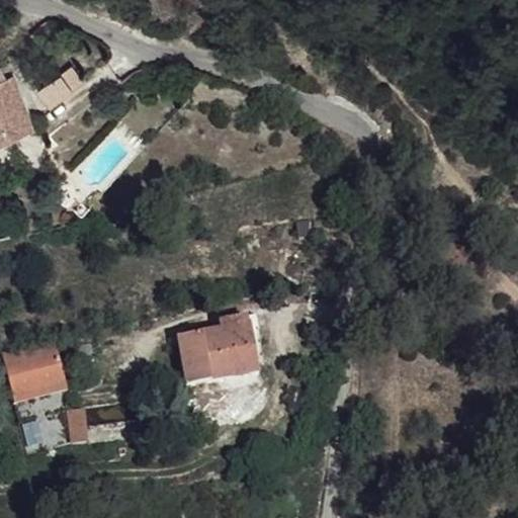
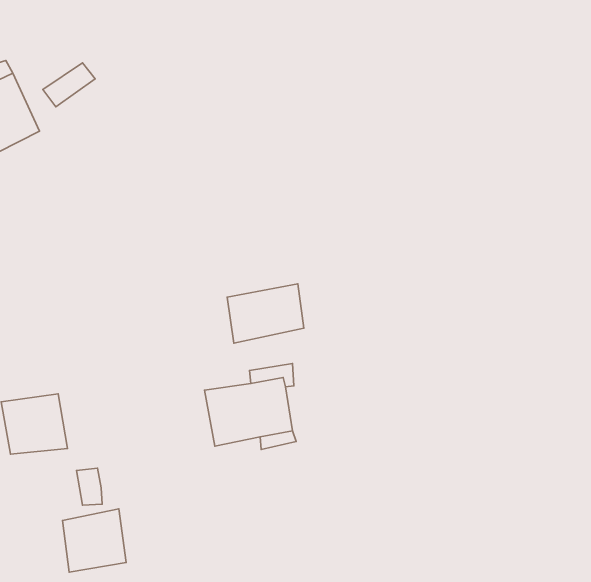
building: none -> [227,284,304,343]
building: none -> [62,509,126,572]

